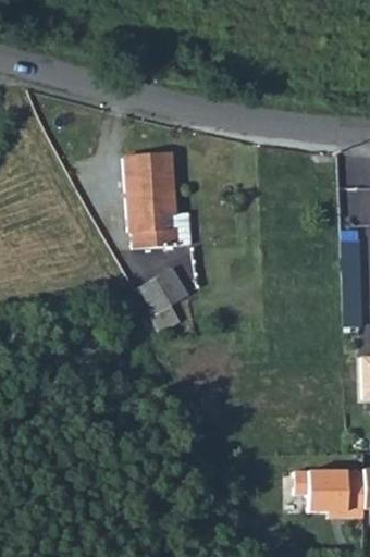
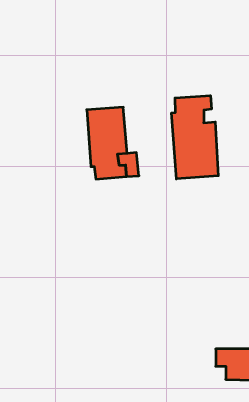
building: none -> [172,96,218,179]
building: [139,265,188,330] -> none

